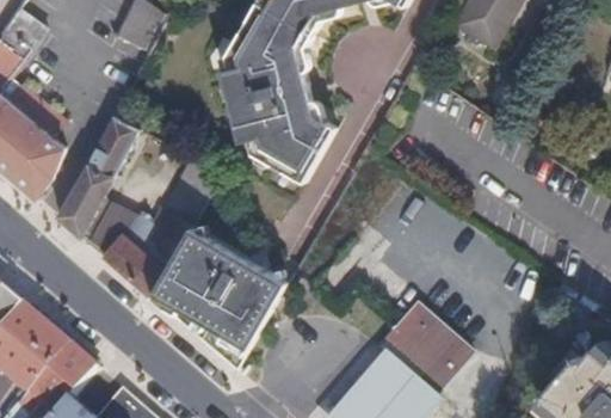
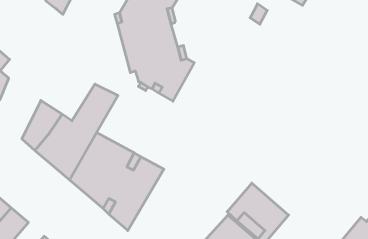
building: [58,122,136,241] -> none

